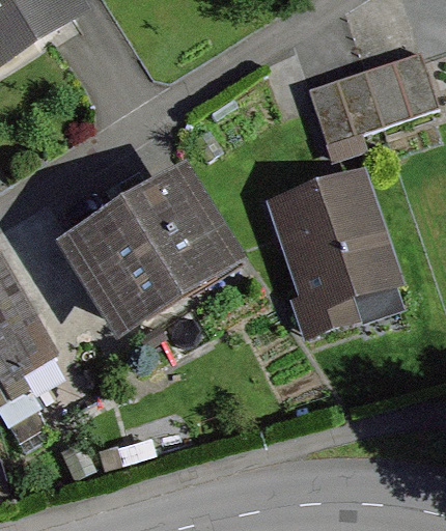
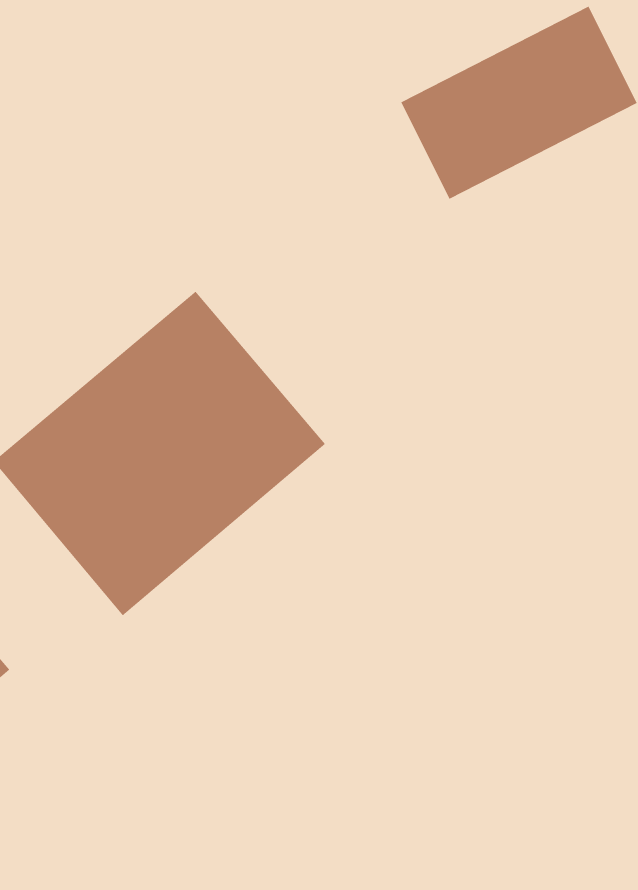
building: [271,166,397,316] -> none

